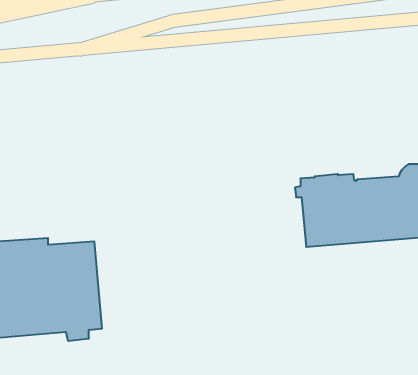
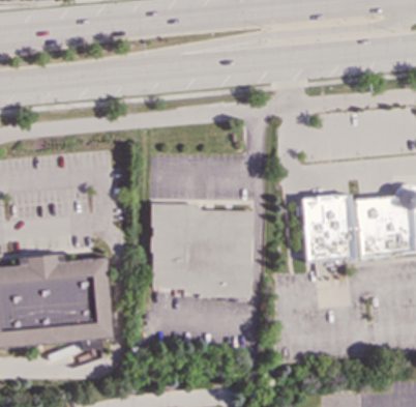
building: none -> [149,203,254,298]

